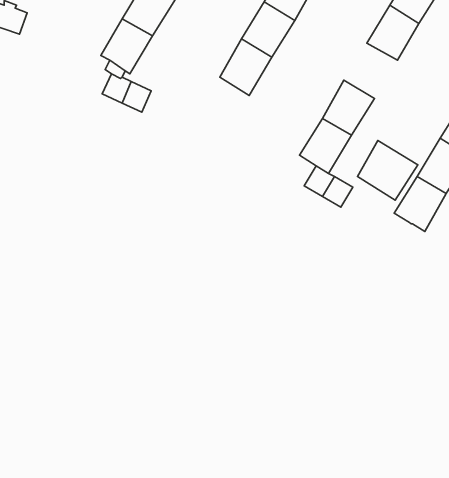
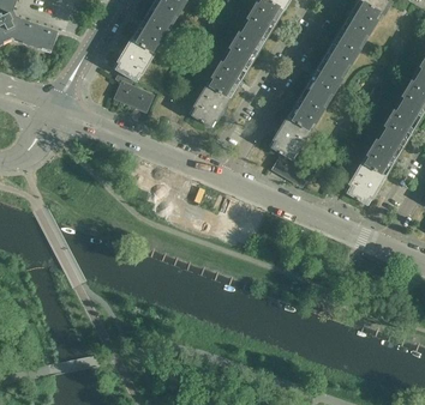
building: none -> [304,58,346,101]
building: none -> [188,84,229,127]
building: [357,141,418,200] -> none

